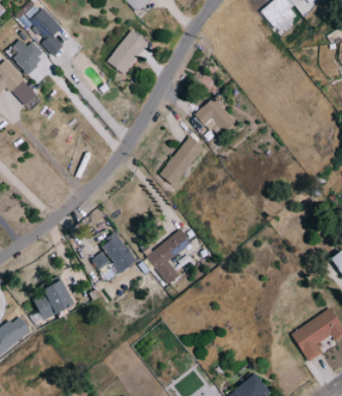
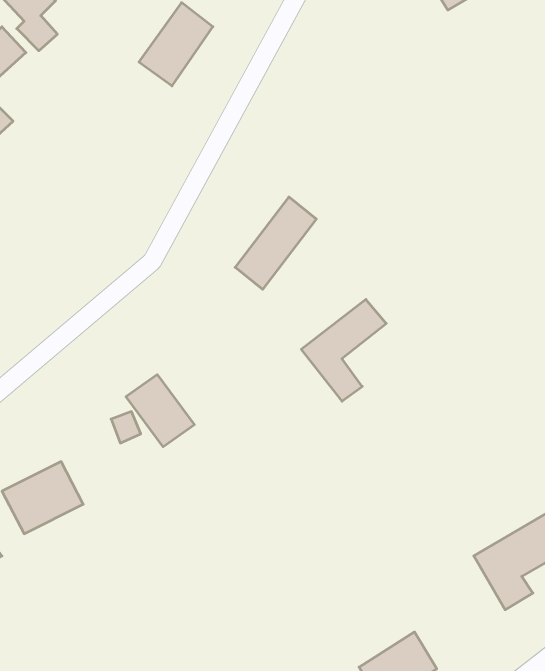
building: [194,96,235,134] -> none
building: [145,228,192,284] -> [301,299,386,401]

